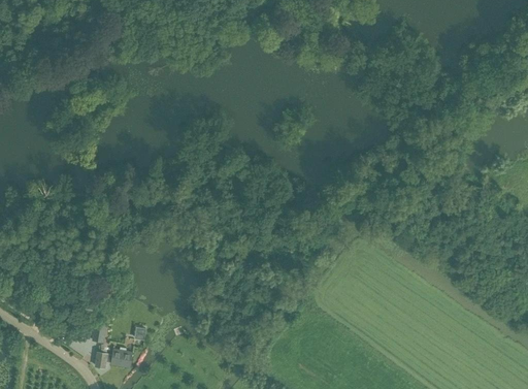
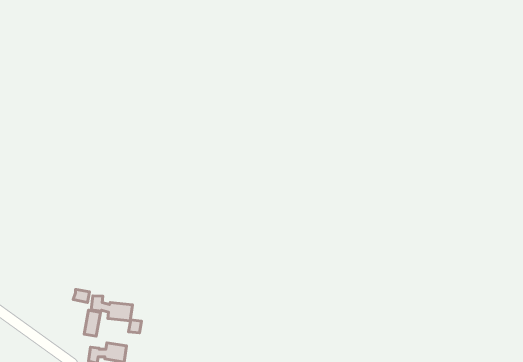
building: none -> [91,296,132,321]

